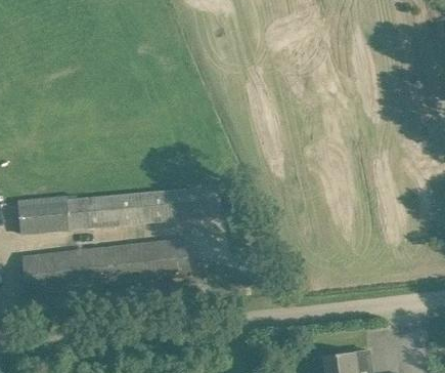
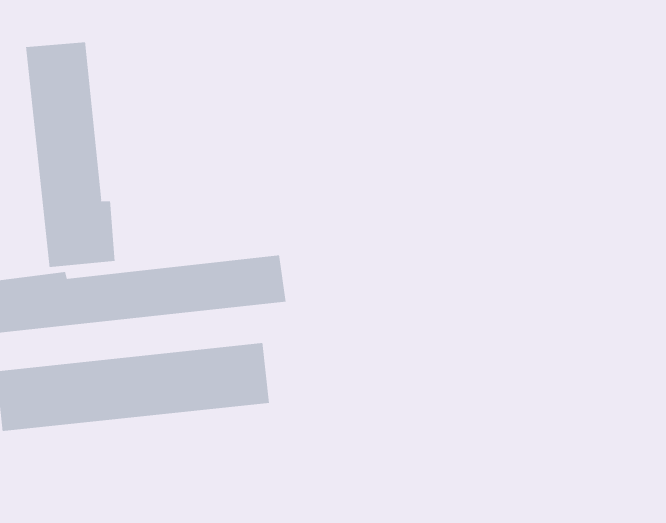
building: none -> [25,41,115,268]

